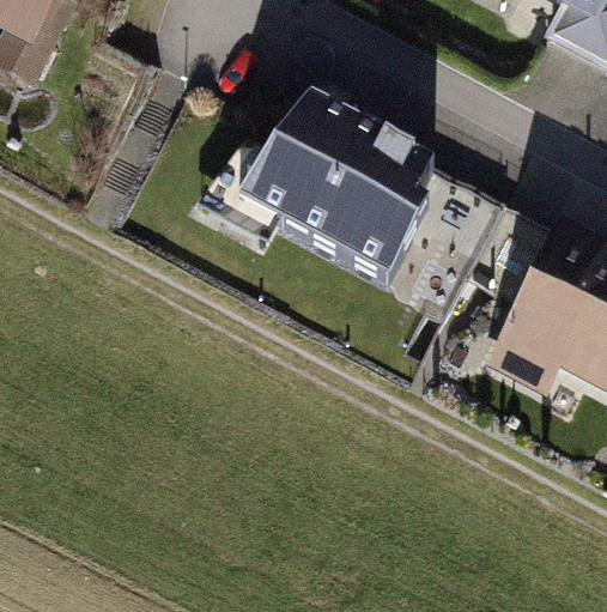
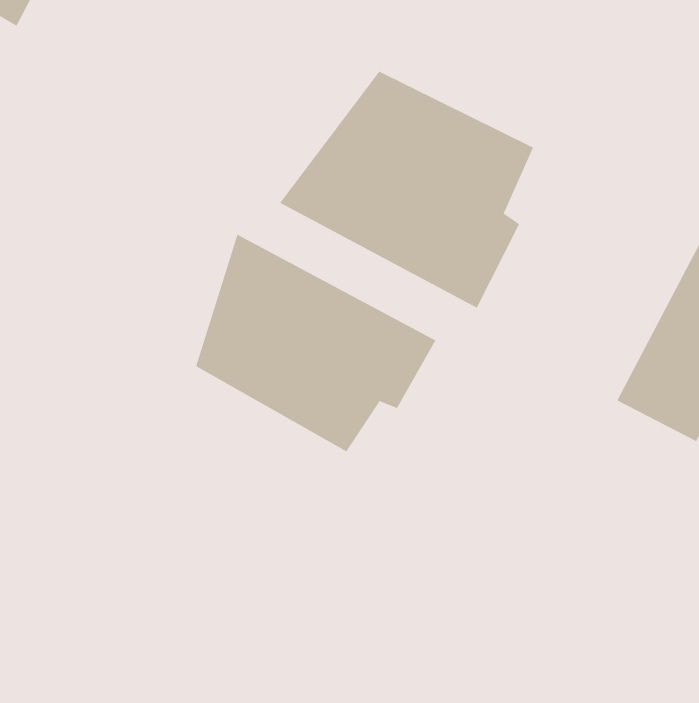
building: none -> [196,234,436,452]

